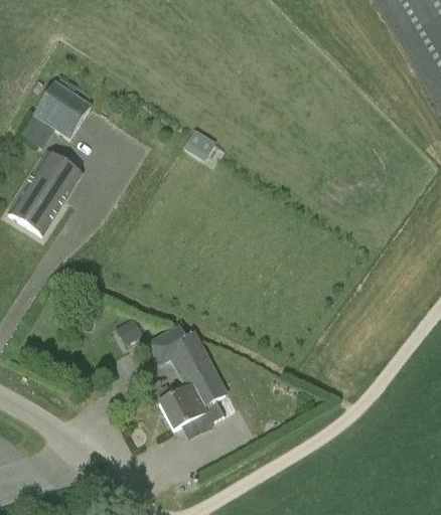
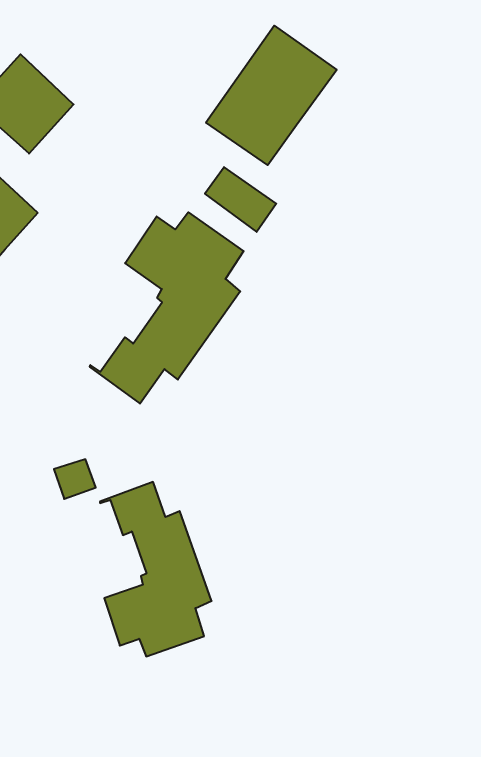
building: none -> [206,26,337,165]
building: none -> [90,212,244,404]

